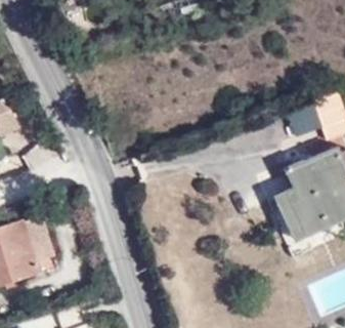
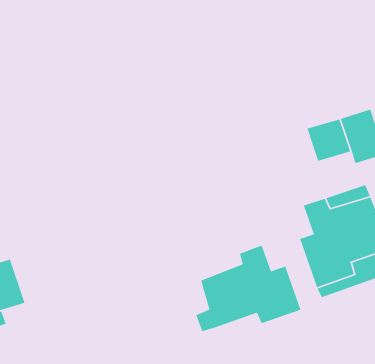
building: none -> [195,245,301,332]

